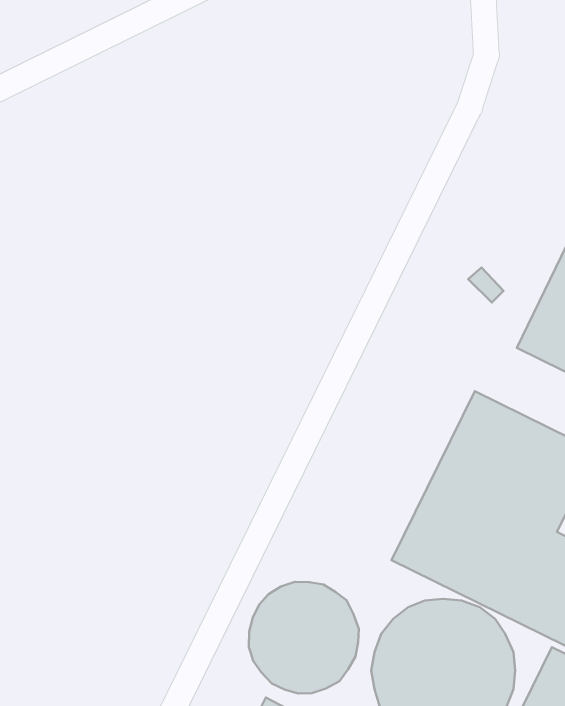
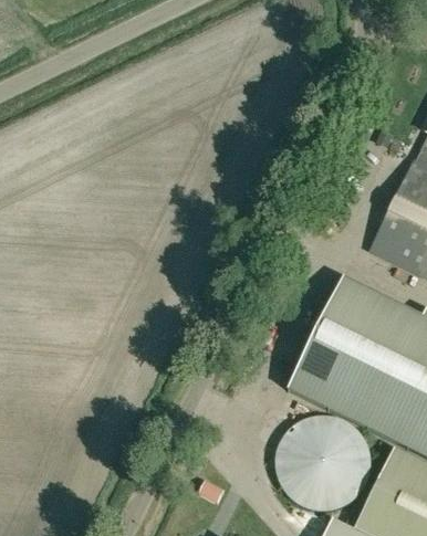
building: [249,582,359,693] -> none

